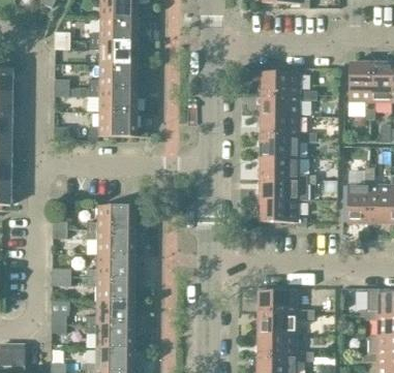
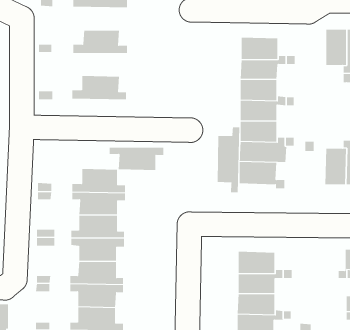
building: [89,40,146,64] -> none
building: [89,88,146,112] -> [109,147,164,171]
building: none -> [217,126,240,193]

